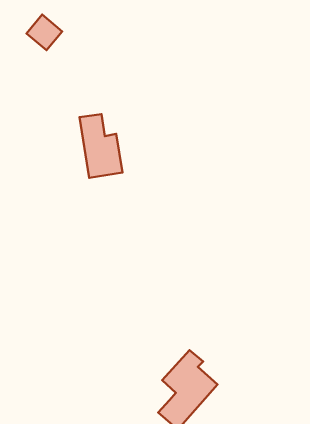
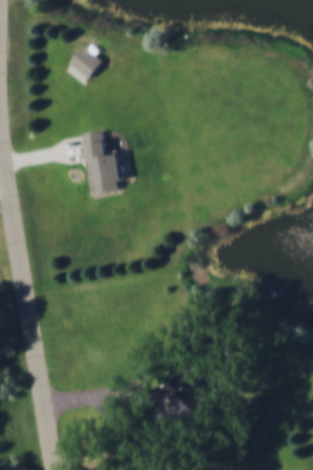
building: [27,15,62,50] -> [65,46,100,81]

